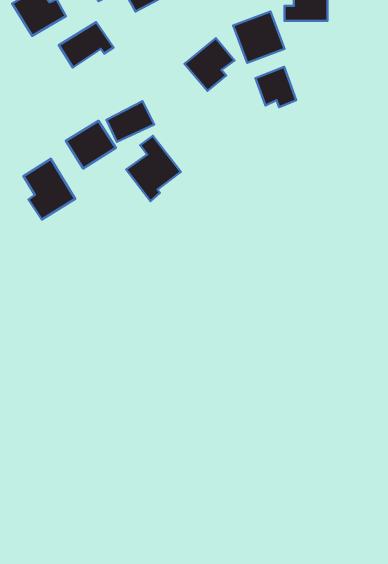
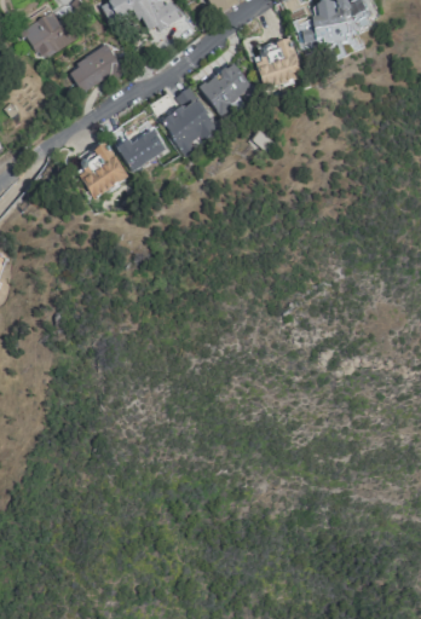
building: [255,67,296,107] -> none
building: [126,136,181,201] -> [161,87,218,155]
building: [24,159,75,219] -> none

